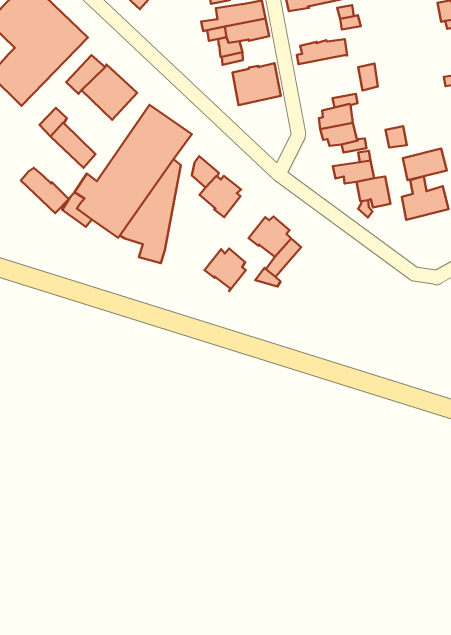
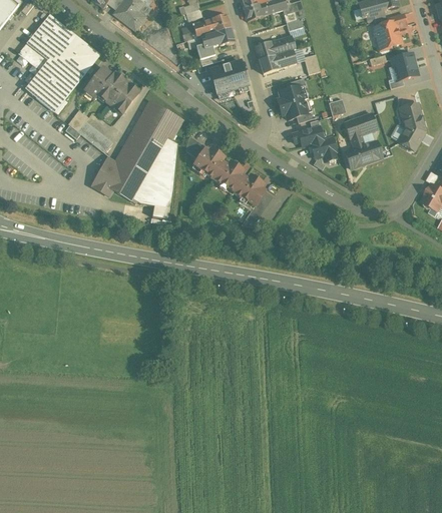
building: none -> [259,49,297,73]
building: [21,168,69,213] -> none
building: [205,249,246,291] -> [213,161,245,193]

